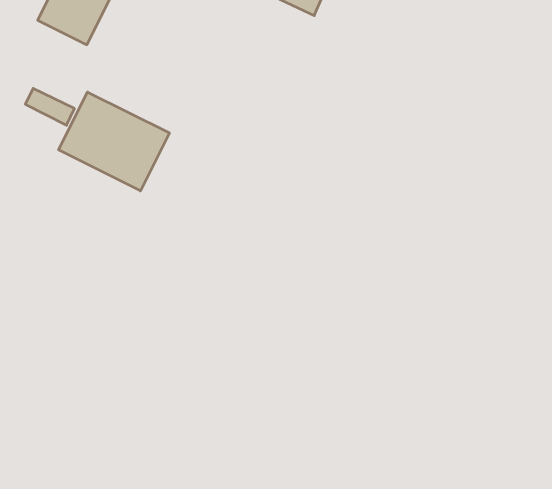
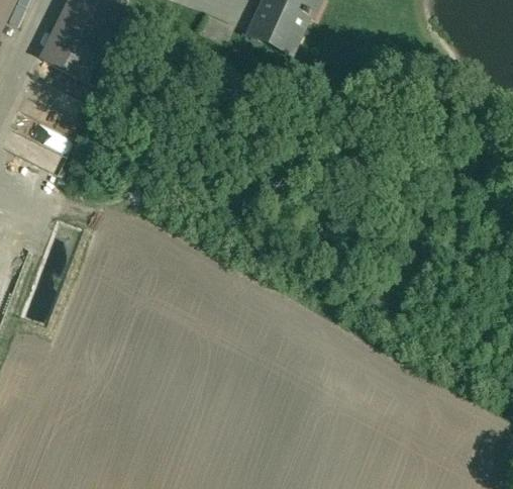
building: [59,92,169,191] -> none

